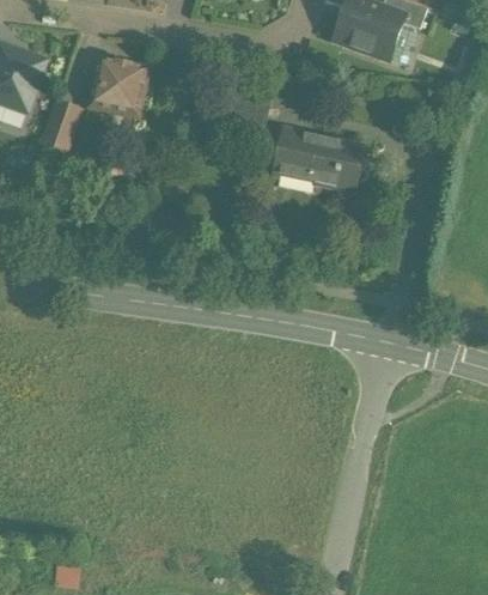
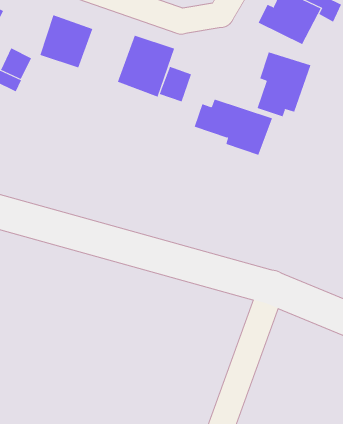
building: none -> [117,35,175,98]
building: none -> [257,51,311,117]

